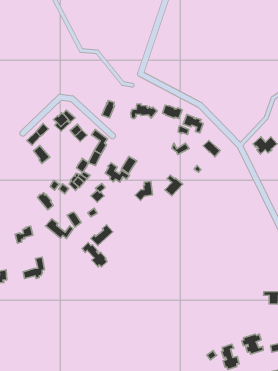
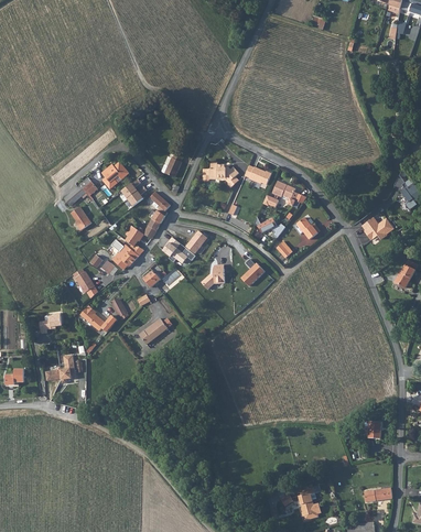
building: [82,243,107,267] -> none
building: [242,334,263,354] -> none

